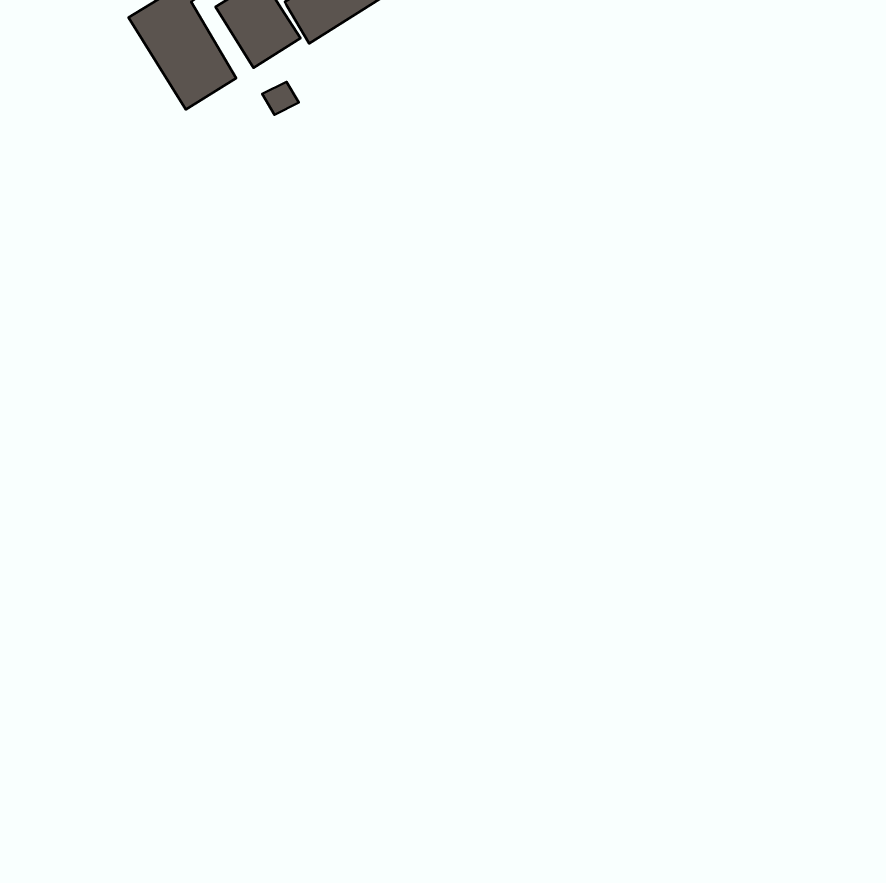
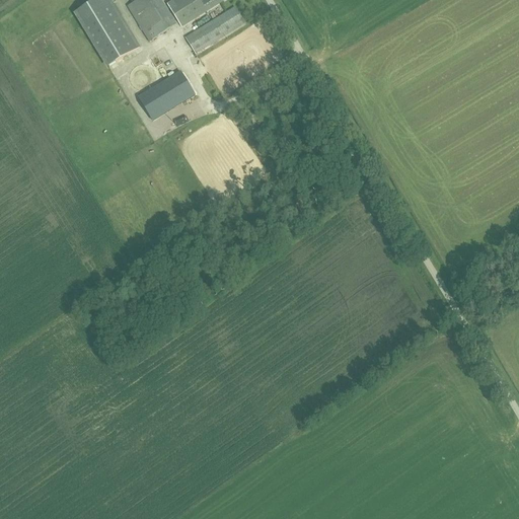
building: none -> [183,4,244,52]
building: none -> [137,69,194,118]

